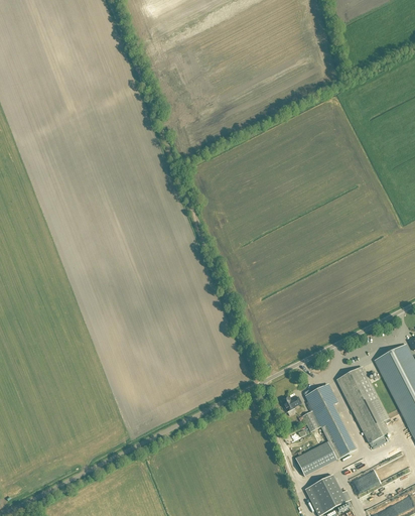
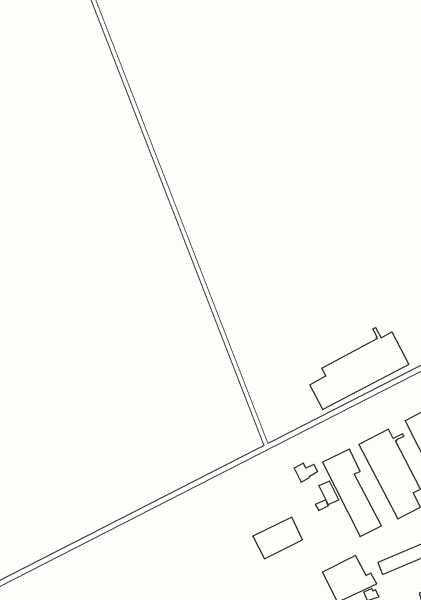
building: none -> [310,328,409,410]
building: [293,439,335,475] -> [253,517,302,559]

